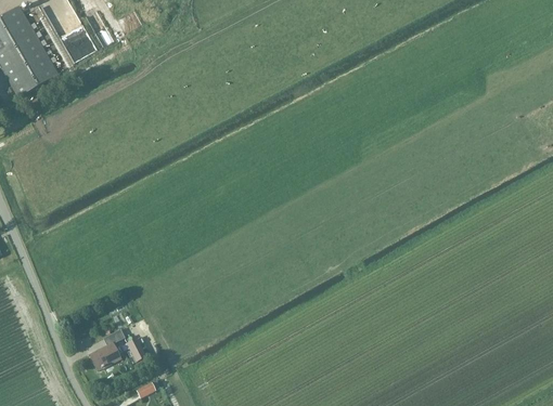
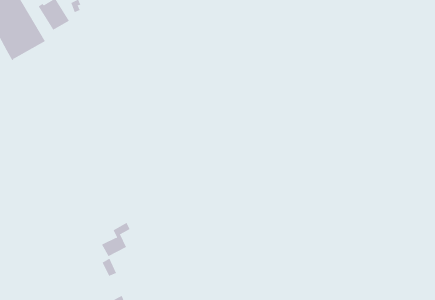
building: [89,327,125,369] -> [101,222,131,257]

